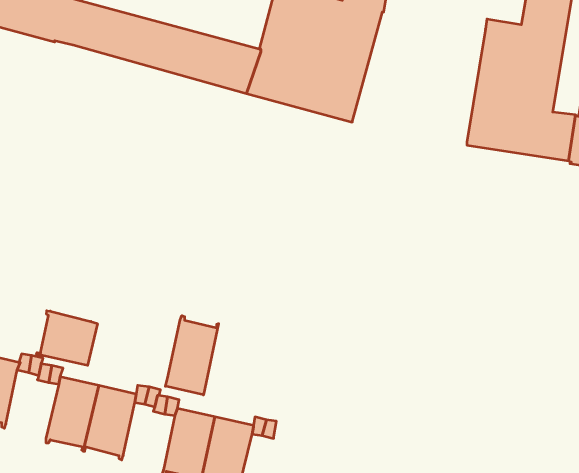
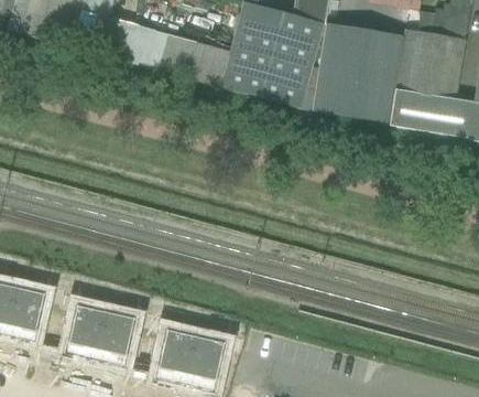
building: none -> [311,22,403,122]
building: [36,311,97,365] -> none
building: [165,316,219,395] -> none

